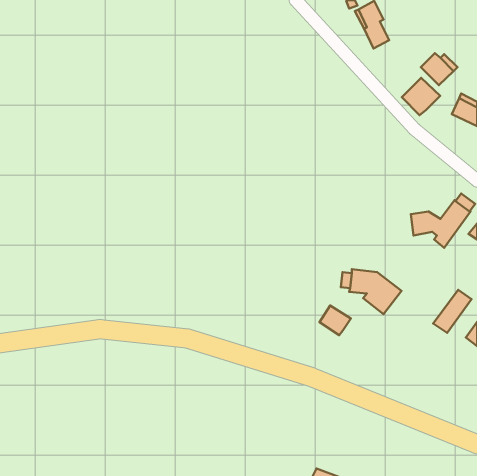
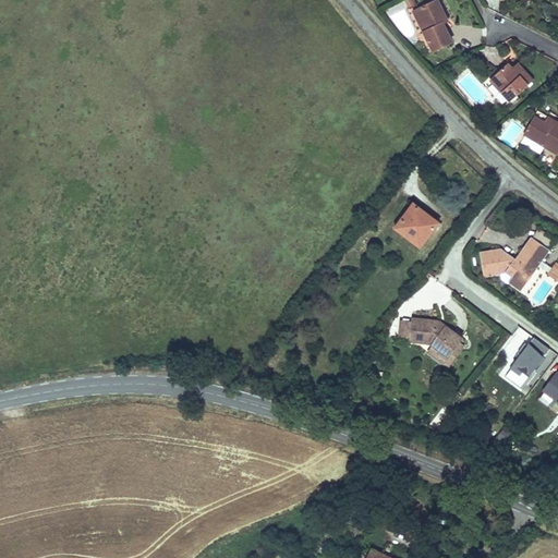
building: [402,78,440,115] -> none
building: none -> [391,198,440,247]
building: [320,306,351,335] -> none

